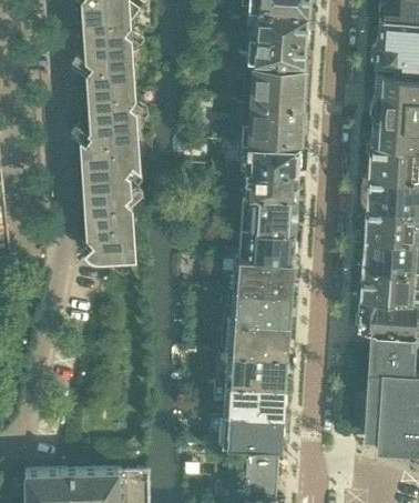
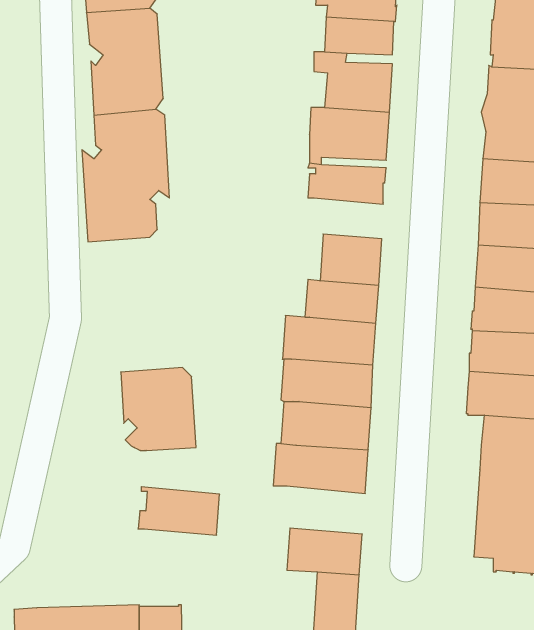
building: [241,172,297,202] -> none
building: [80,201,135,262] -> [121,368,196,450]
building: [224,384,284,420] -> [138,487,220,535]

